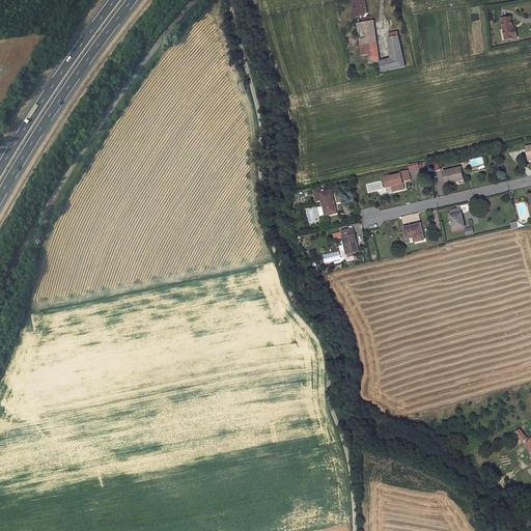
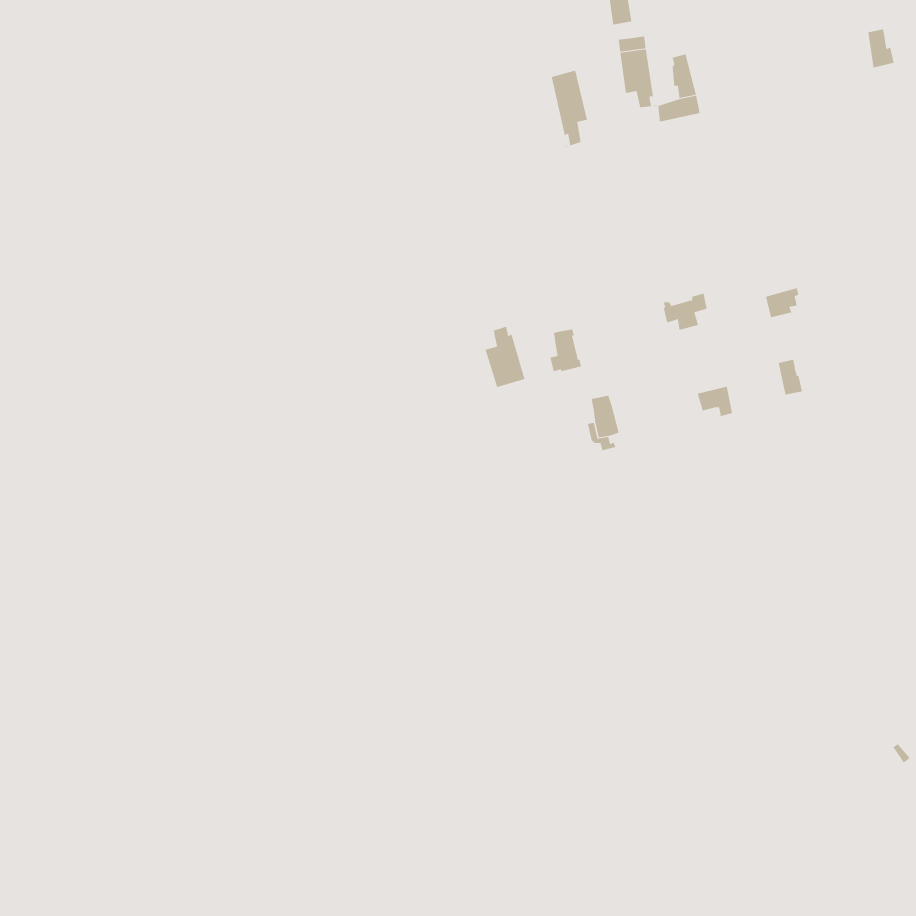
building: none -> [551,70,588,148]
building: none -> [485,324,525,388]

